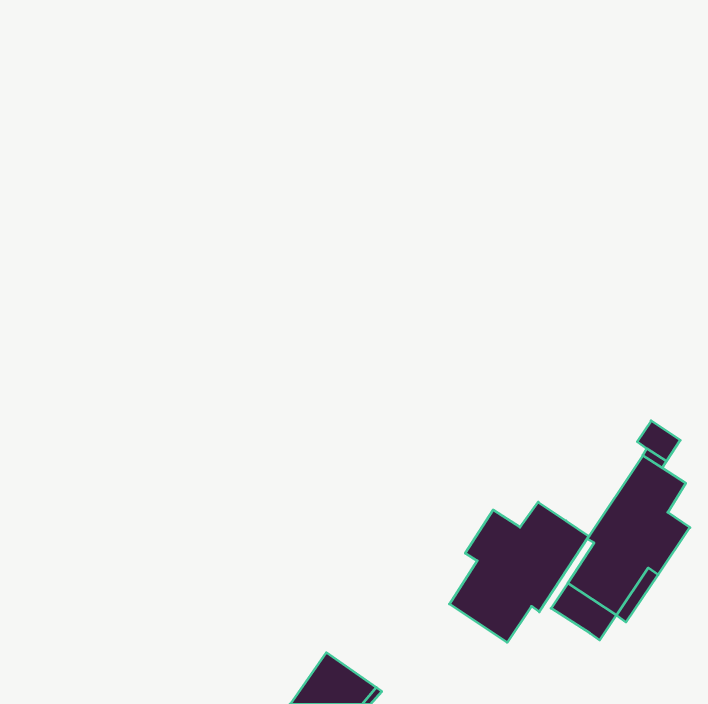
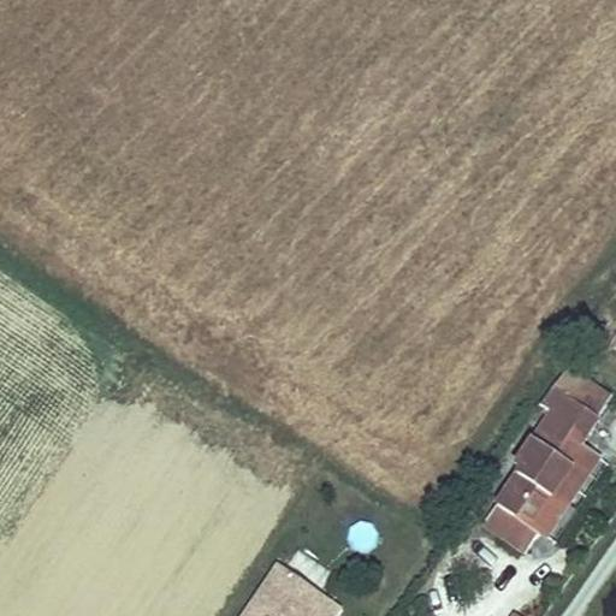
building: [449,502,589,642] -> none

